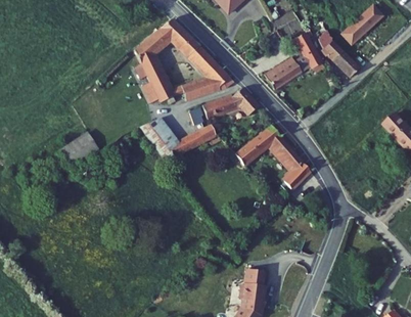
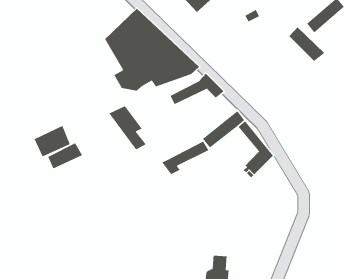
building: [261,29,324,87] -> none
building: [167,123,217,158] -> [161,141,209,175]
building: none -> [47,142,83,170]

